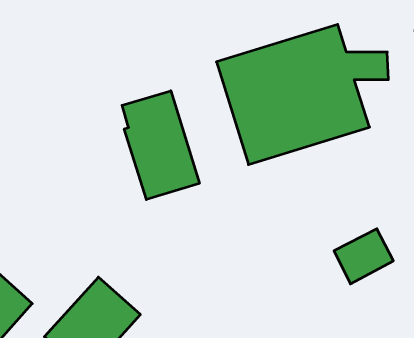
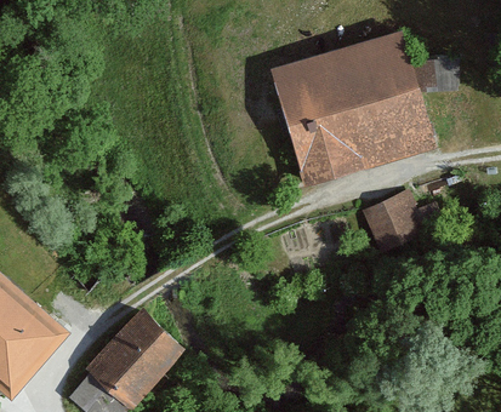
building: [122,91,199,200] -> none
building: [334,229,393,284] -> [357,193,422,253]

